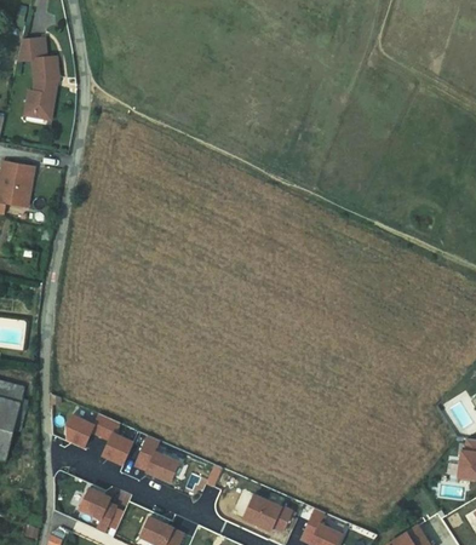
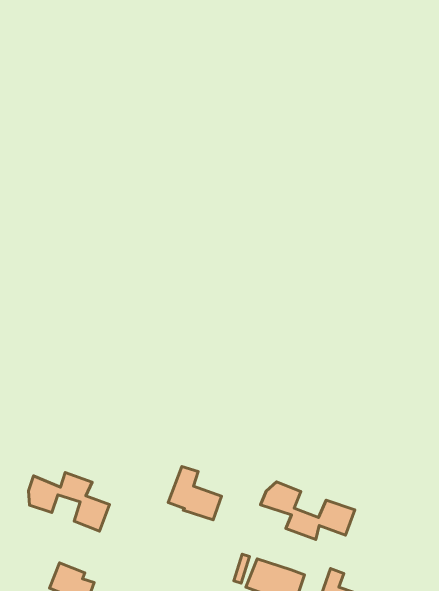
building: none -> [261,482,355,539]
building: [133,435,178,481] -> [168,467,222,520]

